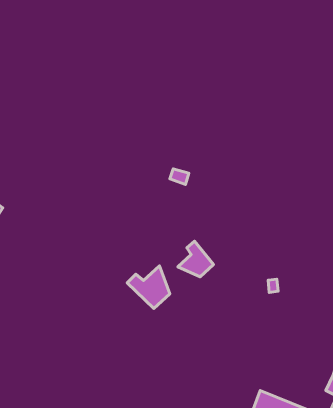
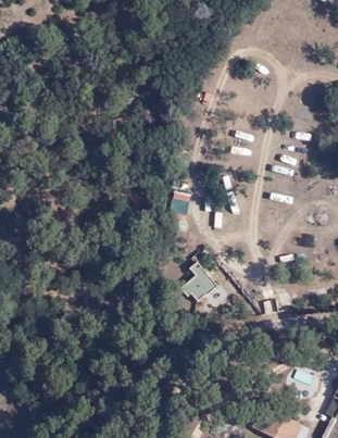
building: [127,266,170,309] -> none

